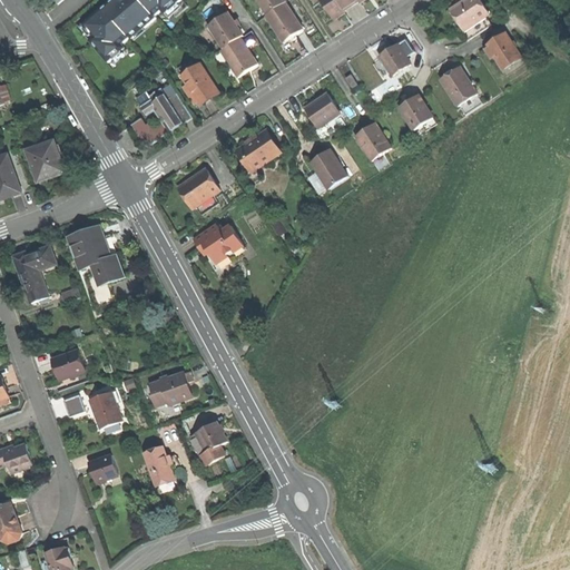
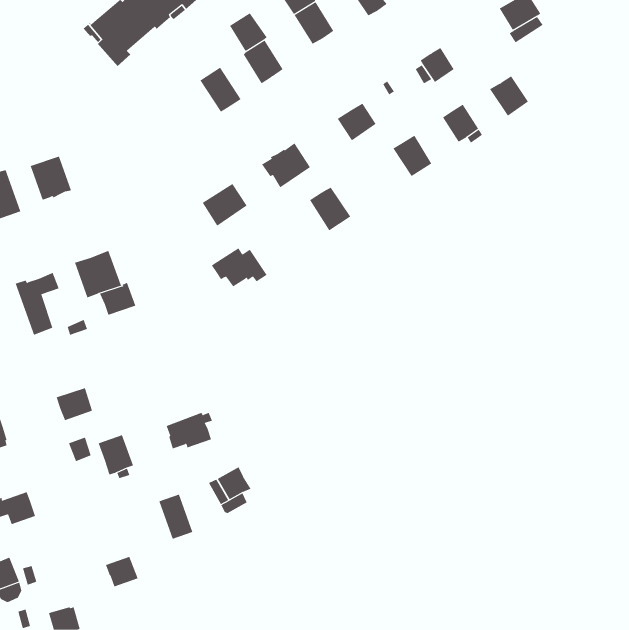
building: [483,31,520,68] -> none
building: [130,87,190,142] -> none
building: [307,148,345,188] -> [309,187,351,231]
building: [87,453,117,481] -> [105,556,138,587]

